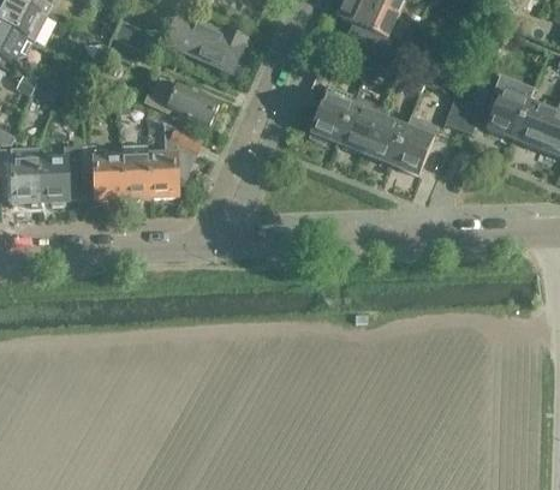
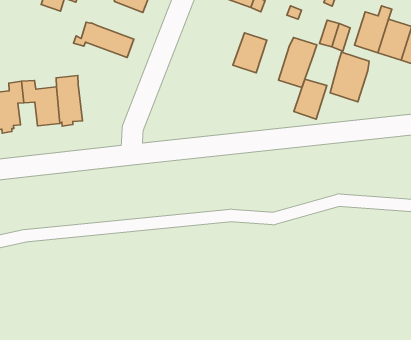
building: [308,82,357,143] -> none
building: [364,114,406,163] -> [294,79,327,119]
building: [148,120,202,197] -> none
building: none -> [330,52,369,102]

